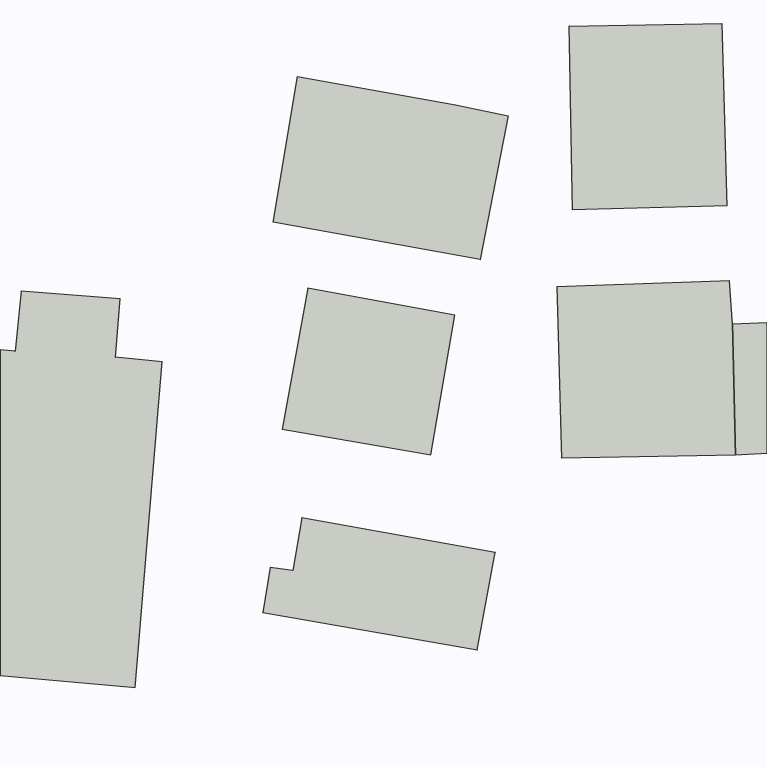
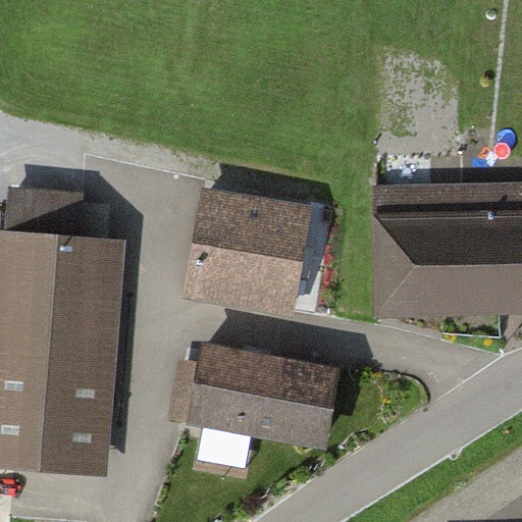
building: [569,24,727,210] -> none
building: [273,77,508,260] -> none

